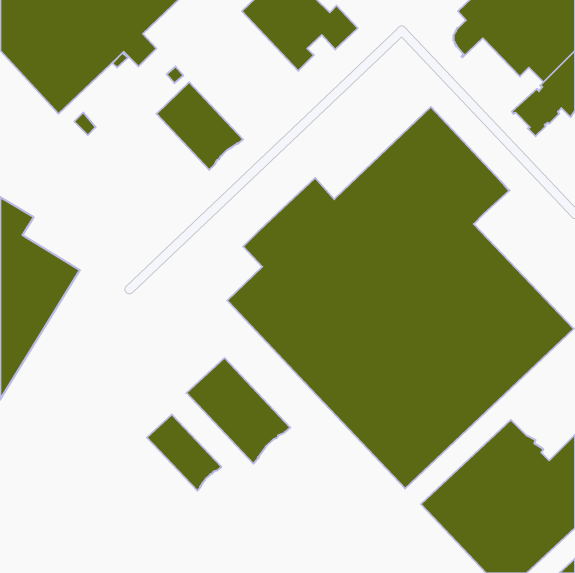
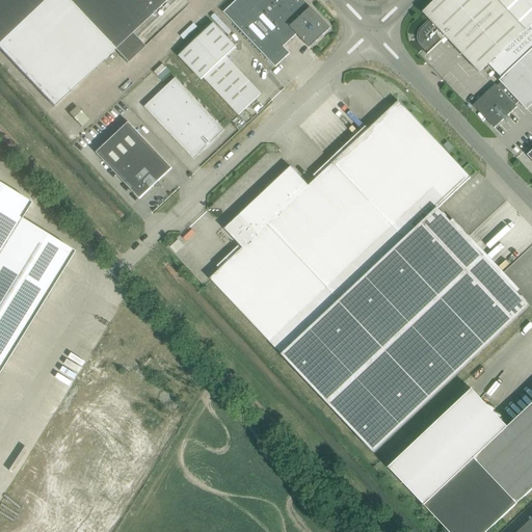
building: none -> [179,21,261,113]
building: none -> [96,121,171,197]
building: [186,358,290,464] -> none
building: [147,414,221,491] -> none

